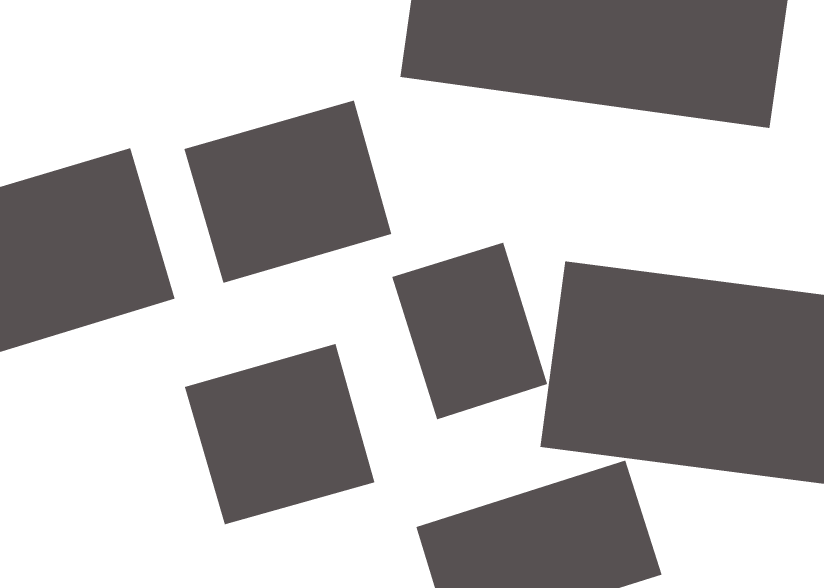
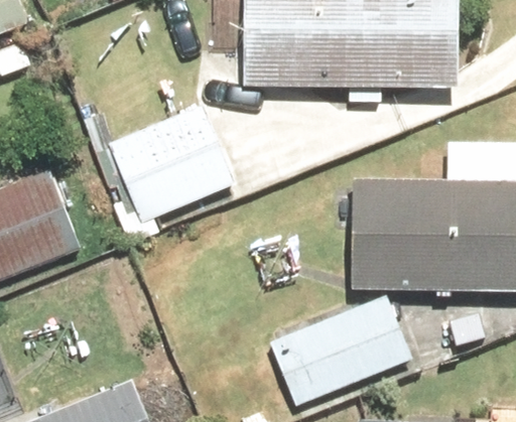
building: [392,242,548,420] -> none
building: [184,343,375,525] -> none

